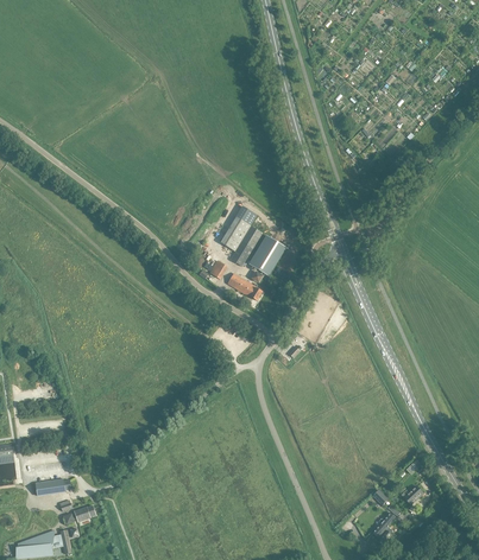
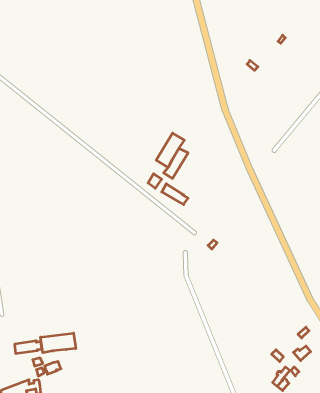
building: [250,234,286,275] -> none
building: none -> [41,333,76,353]

